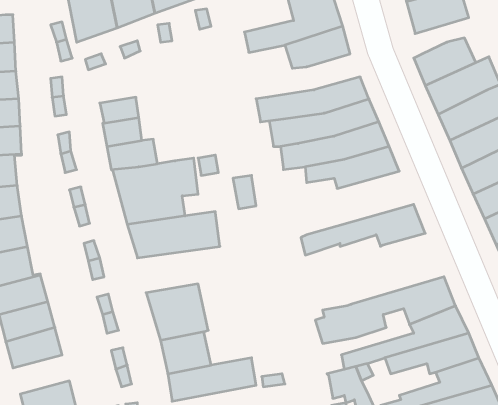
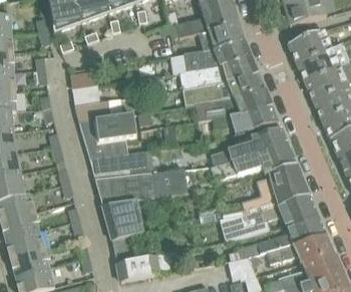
building: none -> [185,40,251,70]
building: none -> [211,127,288,166]
building: none -> [241,165,309,214]
building: none -> [96,170,187,206]
building: none -> [10,249,49,276]

